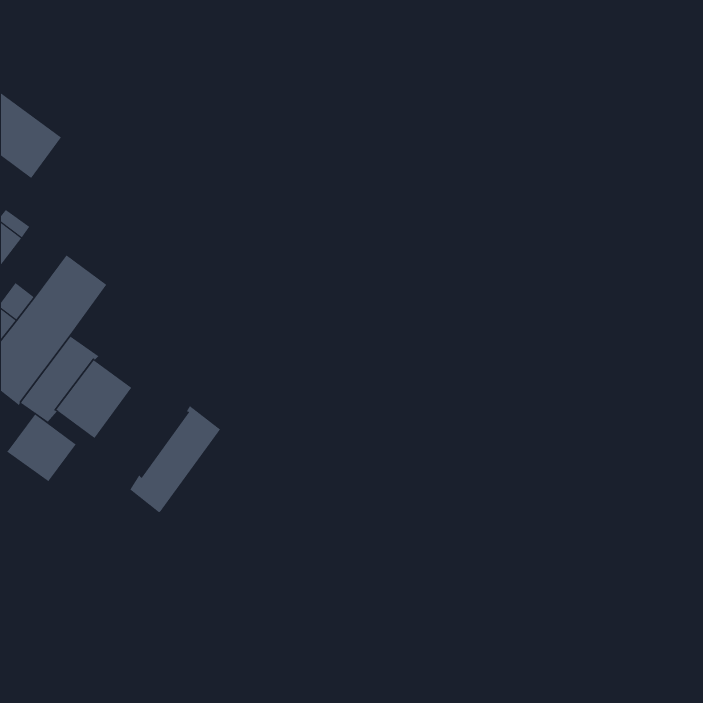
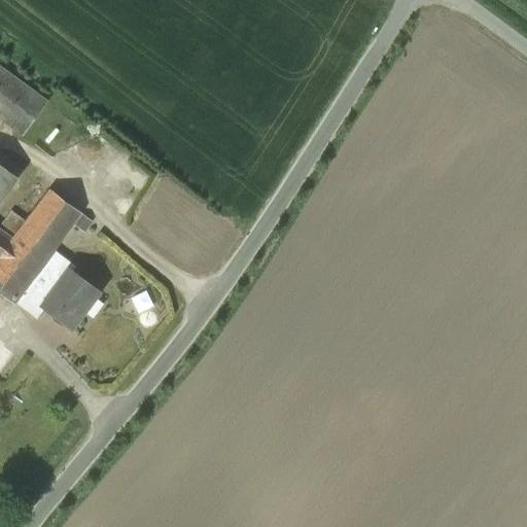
building: [129,405,221,513] -> none
building: [6,413,77,482] -> none

